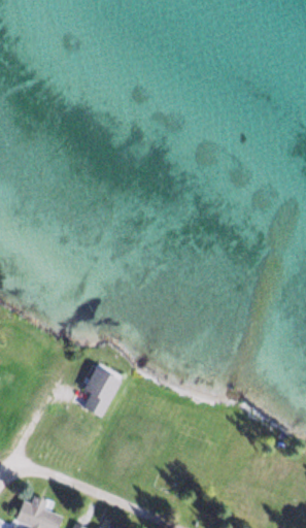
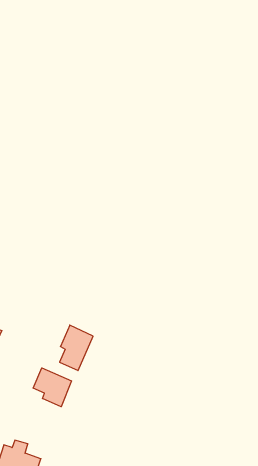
building: none -> [33,368,72,407]

